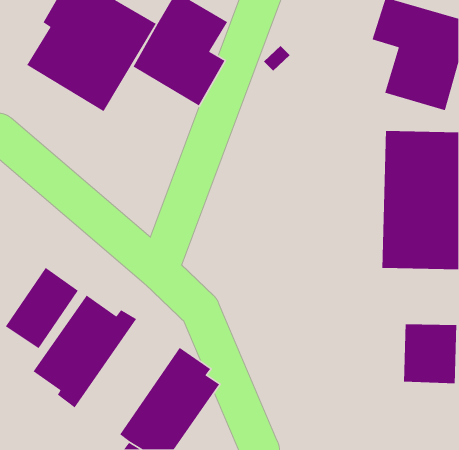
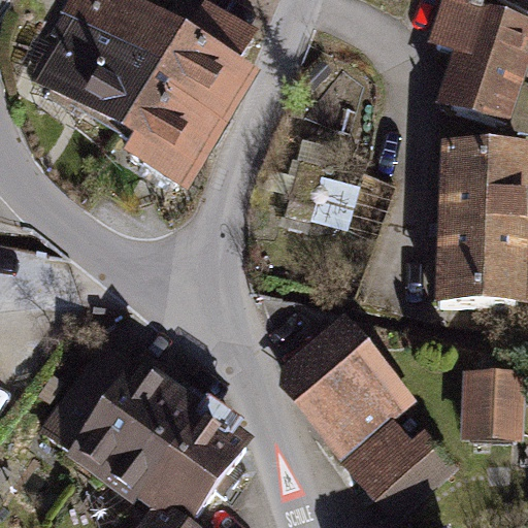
building: none -> [119,76,228,192]
building: [5,267,79,349] -> none
building: none -> [277,308,458,505]
building: none -> [86,364,205,500]

